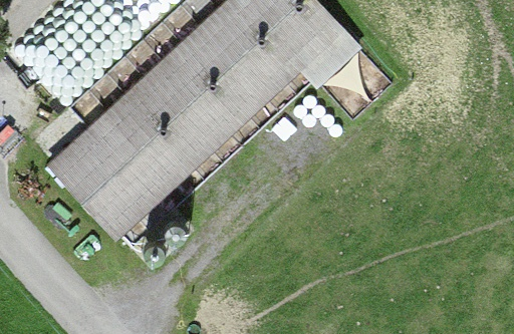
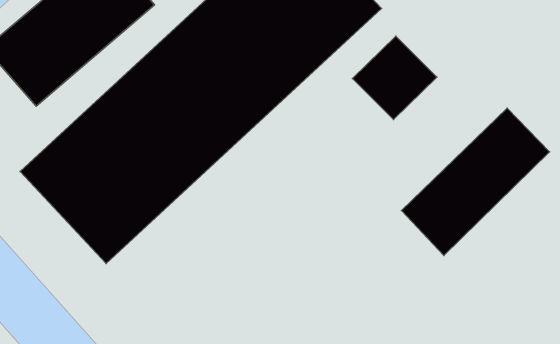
building: none -> [401,108,550,256]

